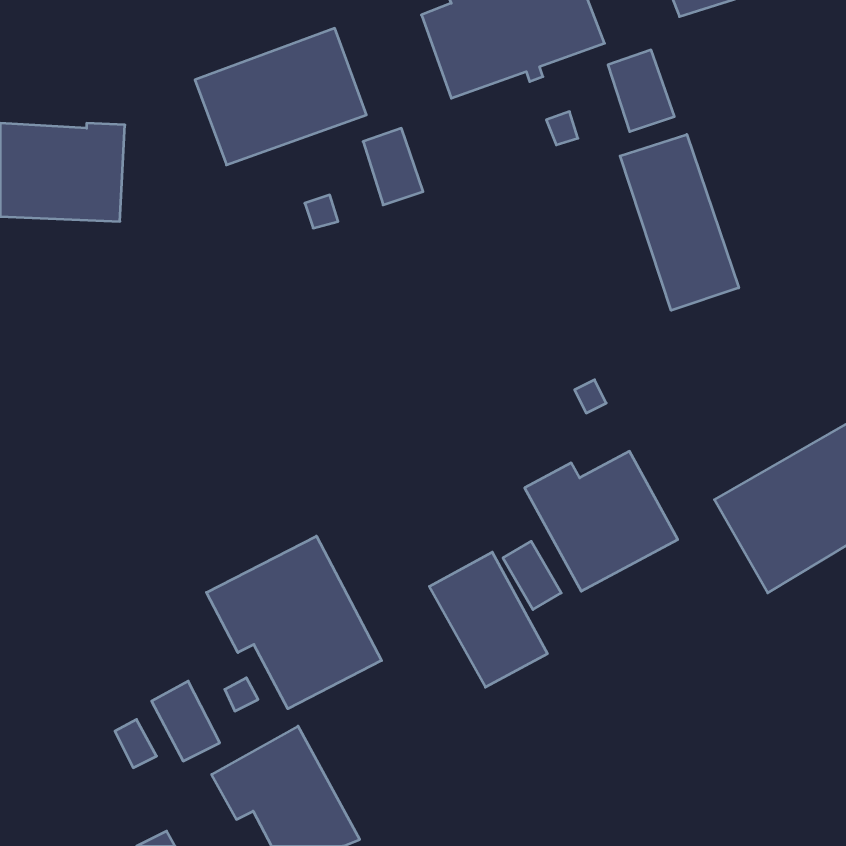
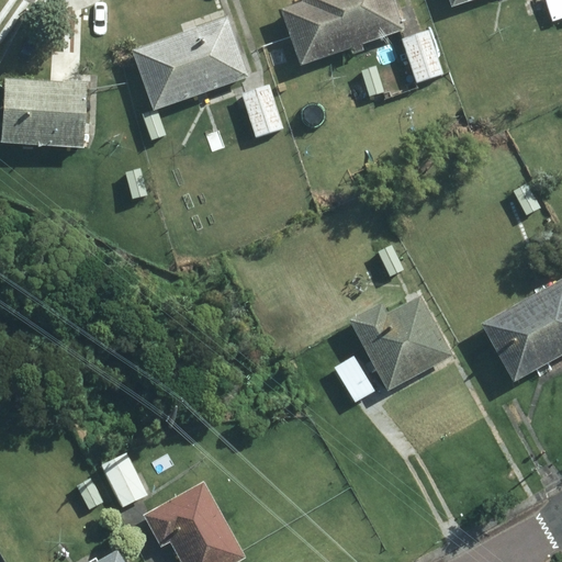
building: [620,134,739,310] -> none
building: [206,536,382,709] -> none
building: [429,552,547,687] -> none

